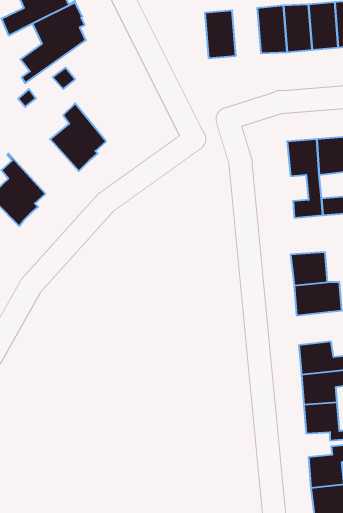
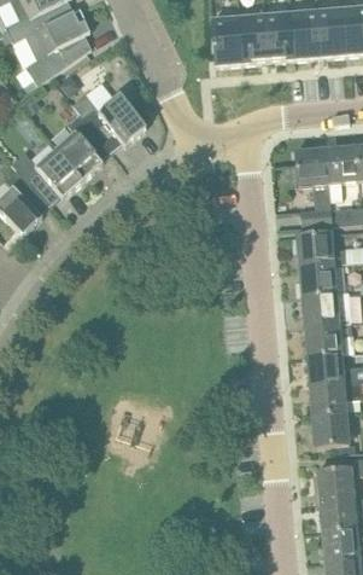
building: none -> [239,14,268,63]
building: none -> [80,93,146,150]
building: none -> [12,147,83,203]
building: none -> [295,232,345,265]
building: none -> [304,323,339,356]

